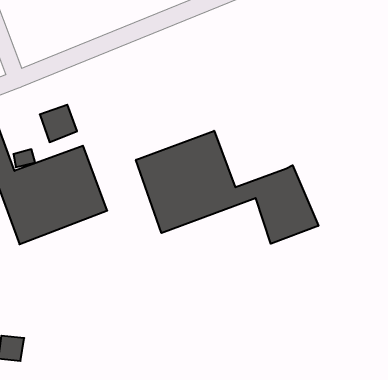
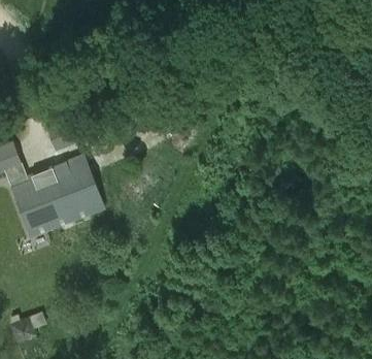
building: [136,131,318,244] -> none

